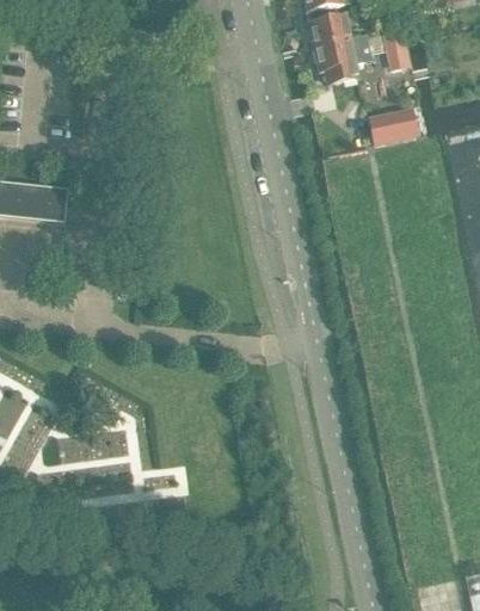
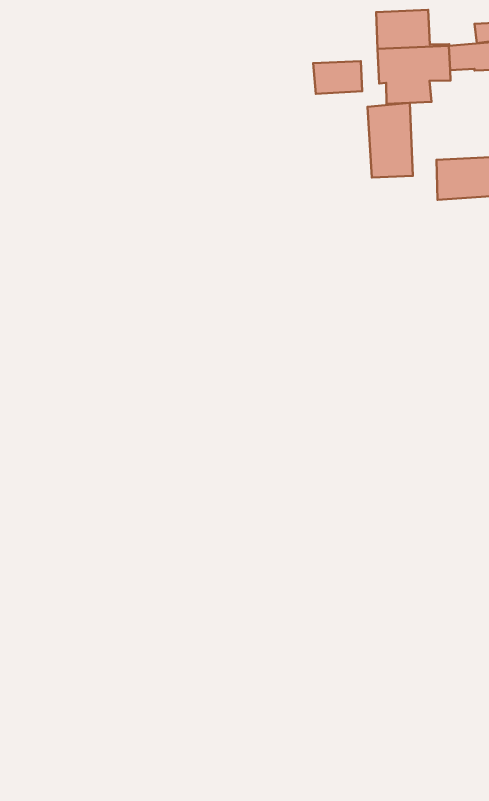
building: none -> [313,61,362,94]
building: none -> [367,103,413,177]

